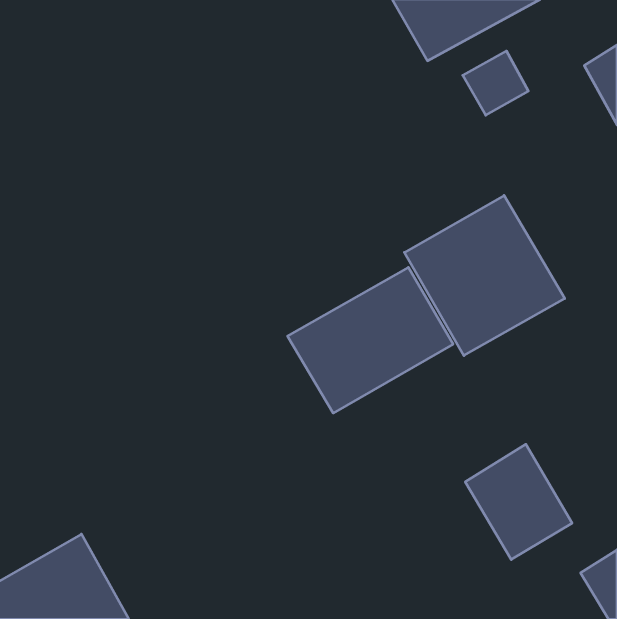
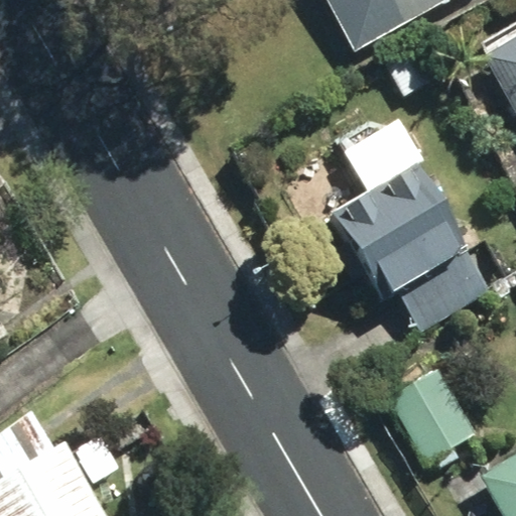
building: [288,267,453,413] -> none

